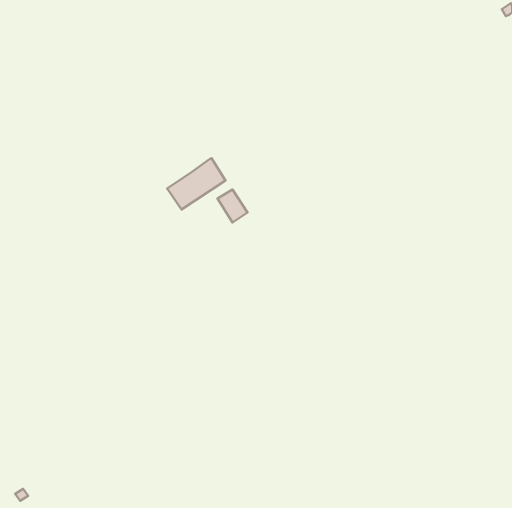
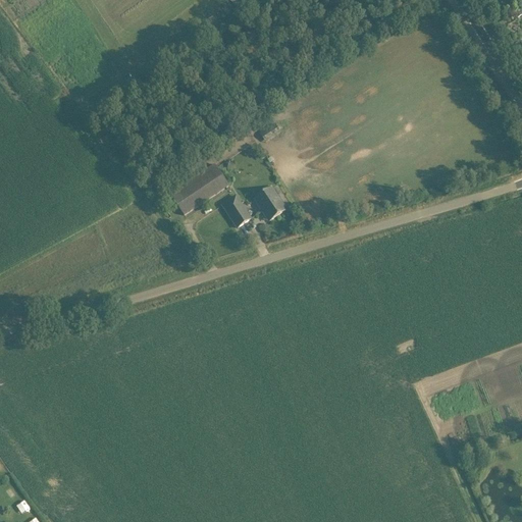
building: none -> [255,186,286,218]

